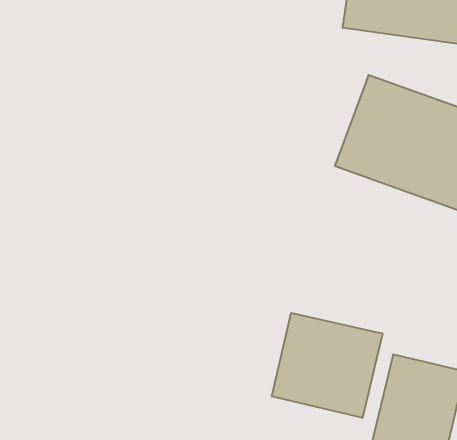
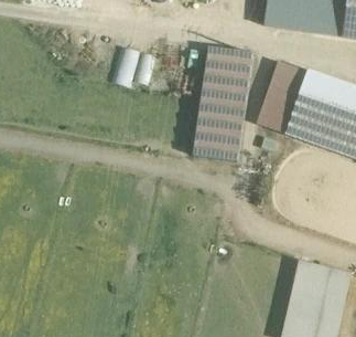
building: none -> [192,46,252,159]
building: [272,313,382,418] -> none

